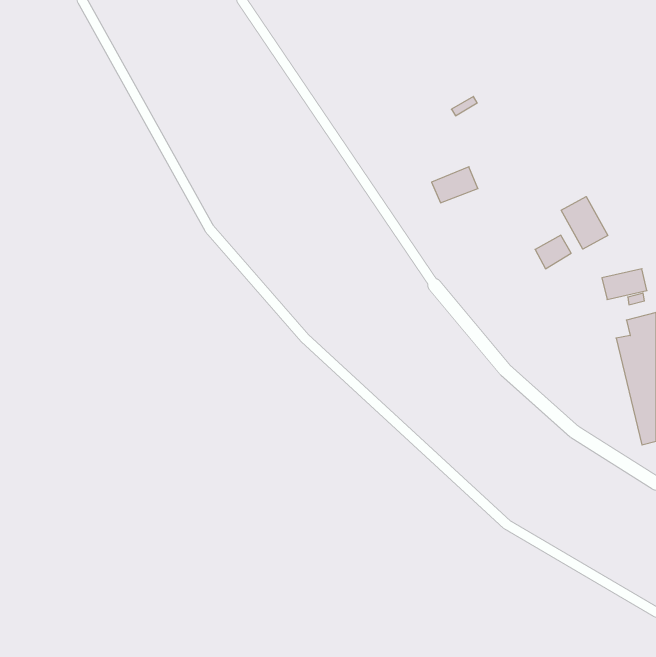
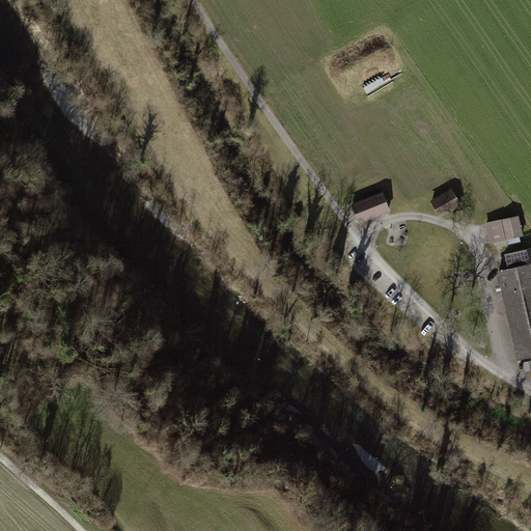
building: [432,167,478,203] -> [352,193,389,222]
building: [561,197,608,249] -> none

